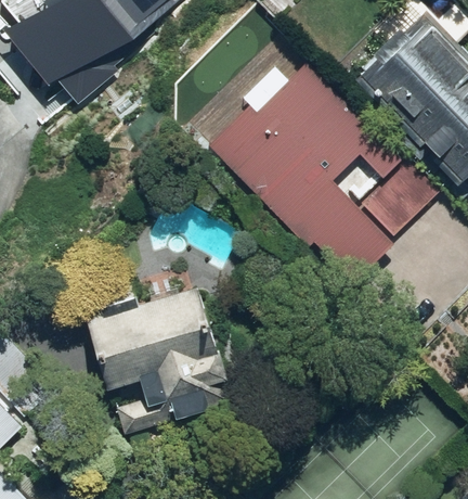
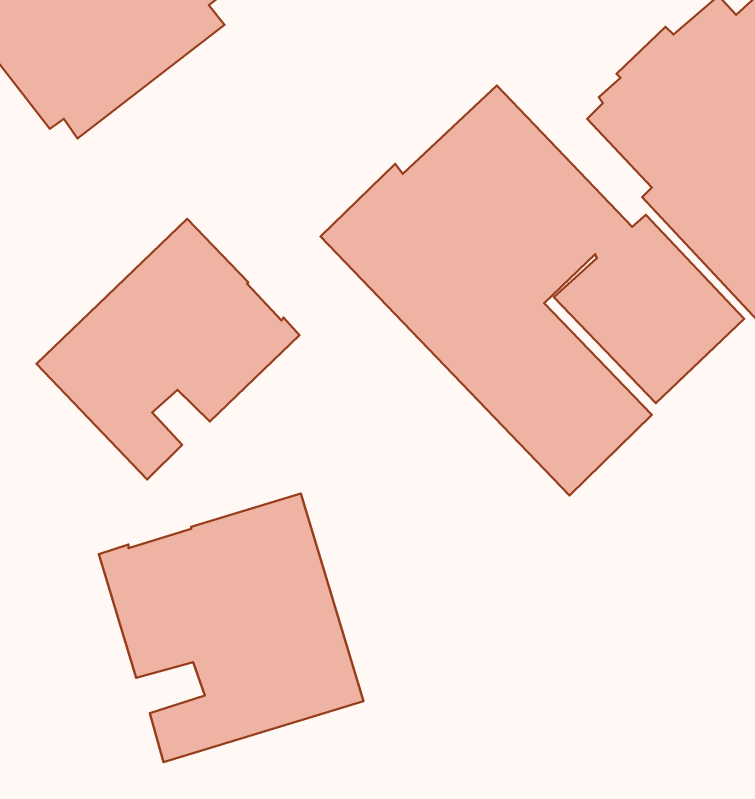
building: none -> [36,219,299,480]

